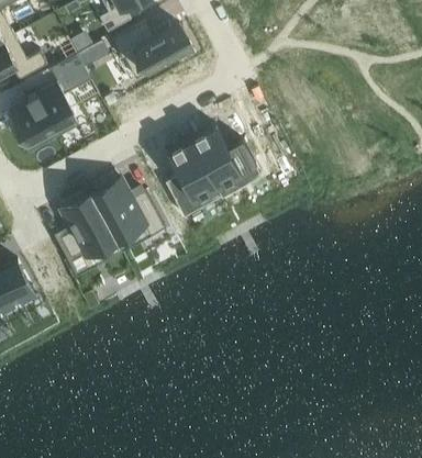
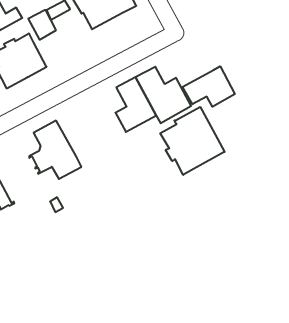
building: none -> [183,66,235,107]
building: none -> [160,107,225,175]
building: [89,179,165,252] -> none

